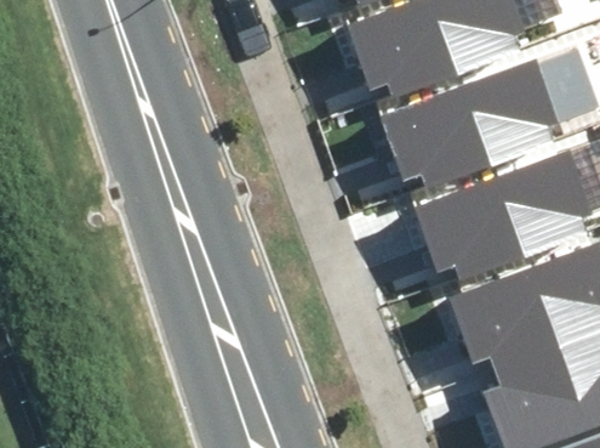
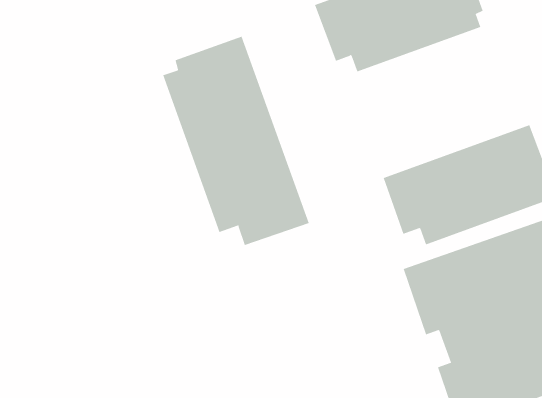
building: [384,59,558,182] -> none
building: none -> [163,36,310,246]

